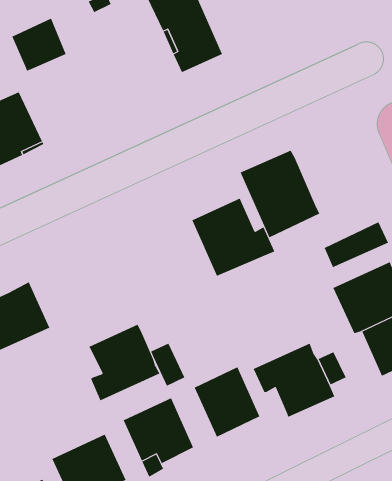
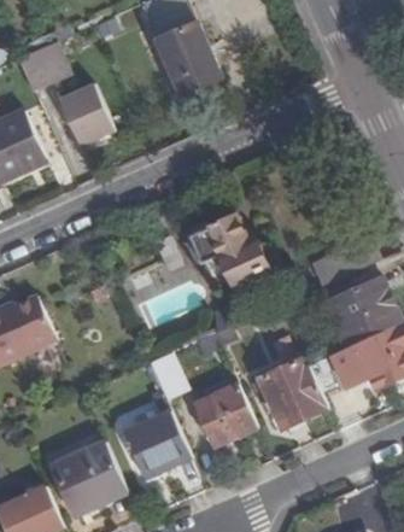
building: none -> [57,81,111,144]
building: [240,150,320,238] -> none
building: [89,324,160,401] -> none

